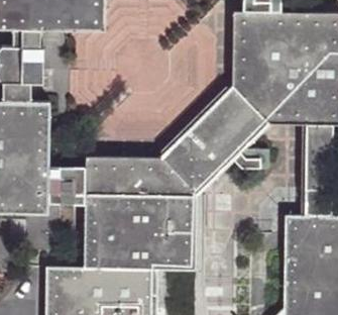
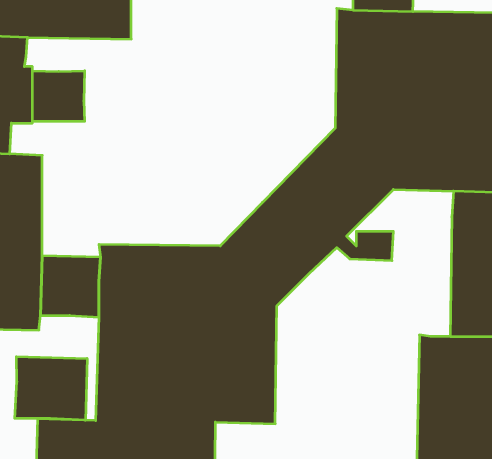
building: none -> [32,71,85,122]
building: none -> [15,357,87,420]

